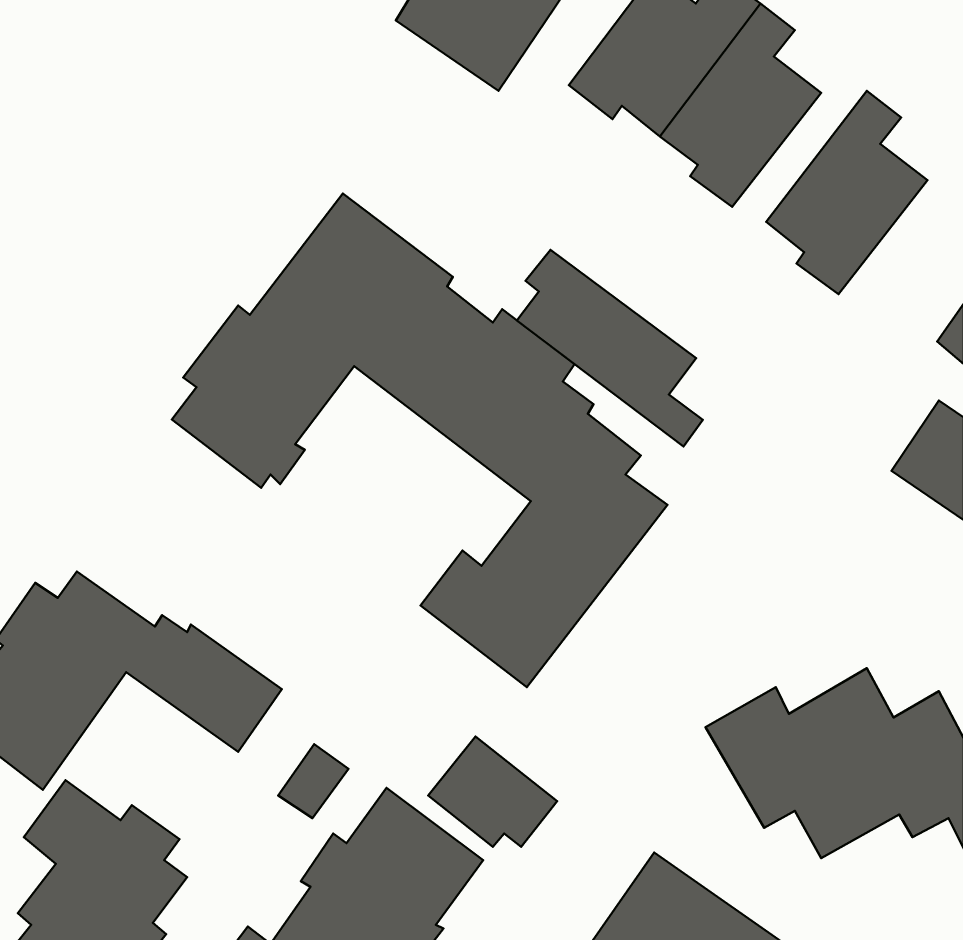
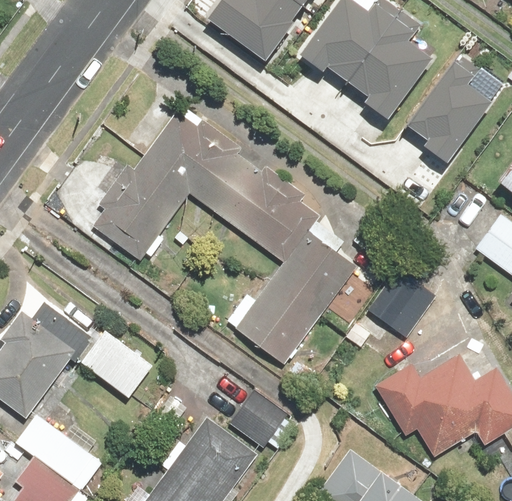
building: [517,250,703,447] -> none
building: none -> [375,275,435,338]

